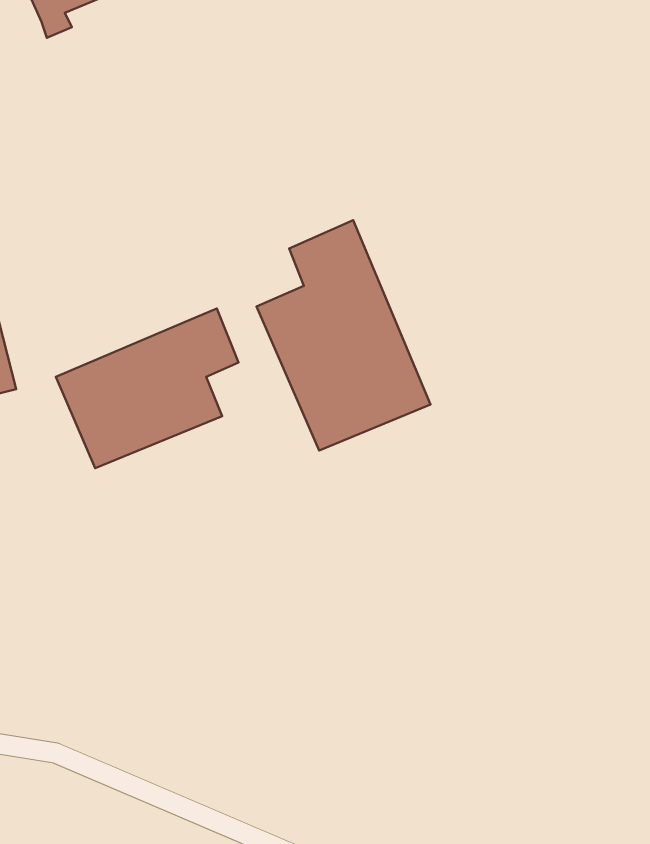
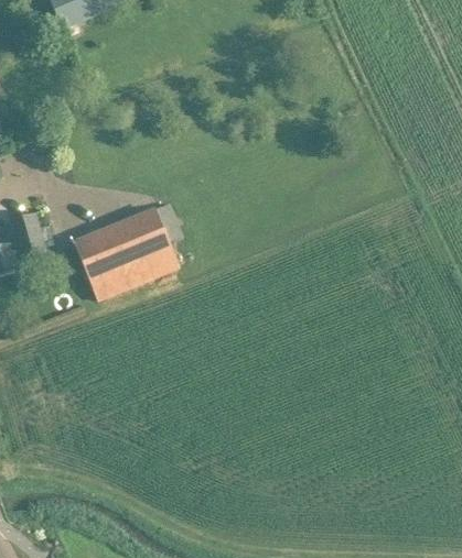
building: [257,220,431,450] -> none

